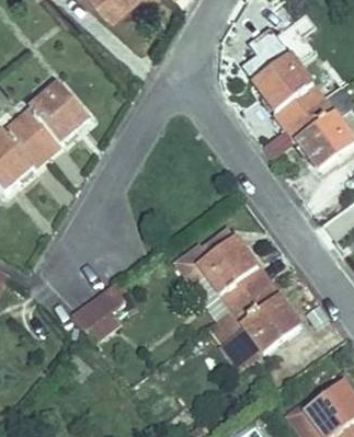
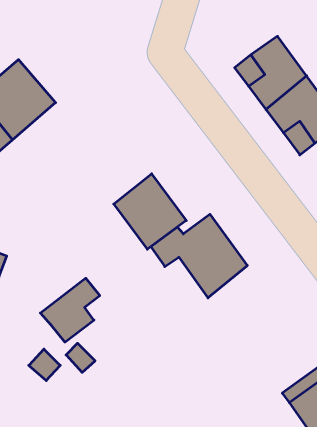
building: none -> [114,174,186,249]
building: [215,276,292,361] -> none

